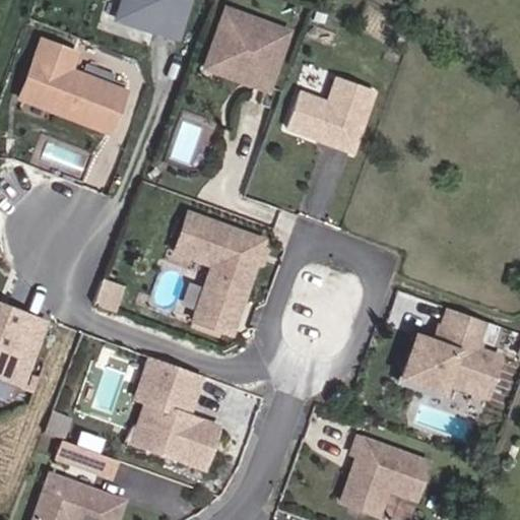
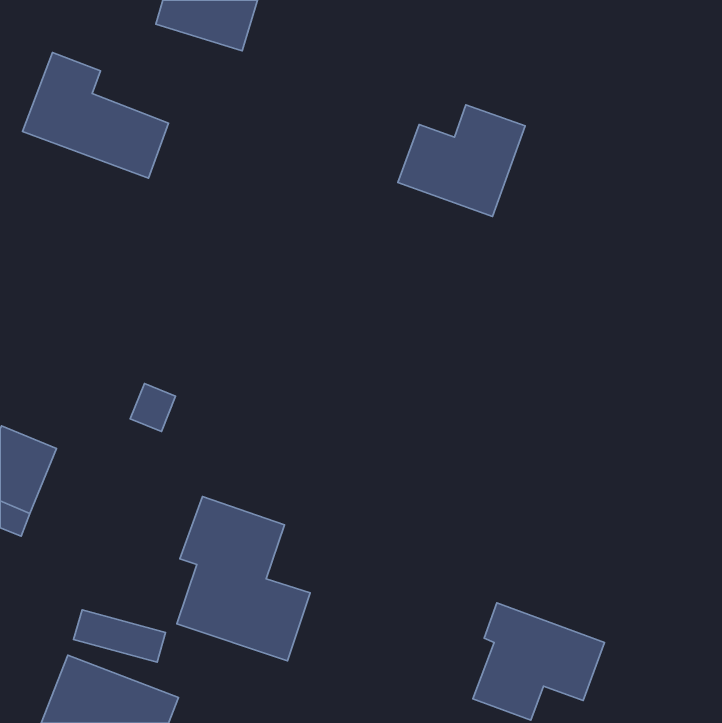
building: [199,6,292,99] -> none
building: [174,209,270,338] -> none
building: [399,308,505,413] -> none

